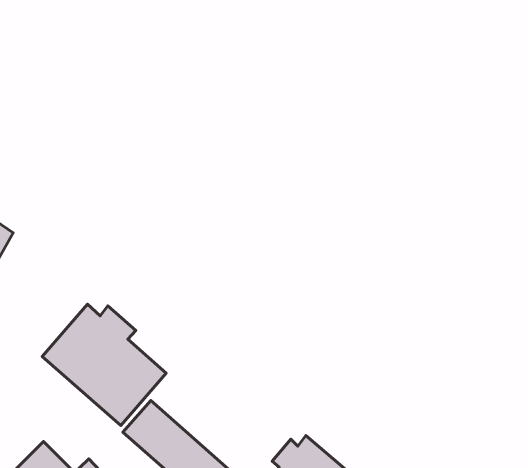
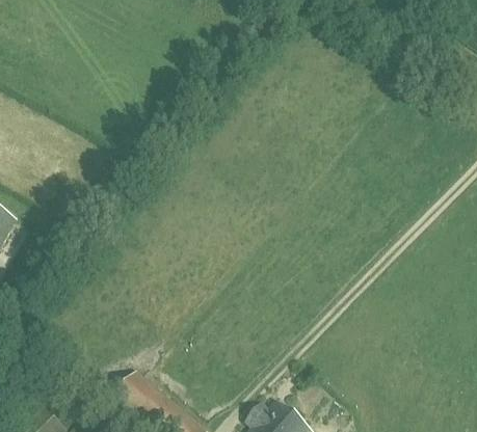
building: [42,304,166,426] -> none

